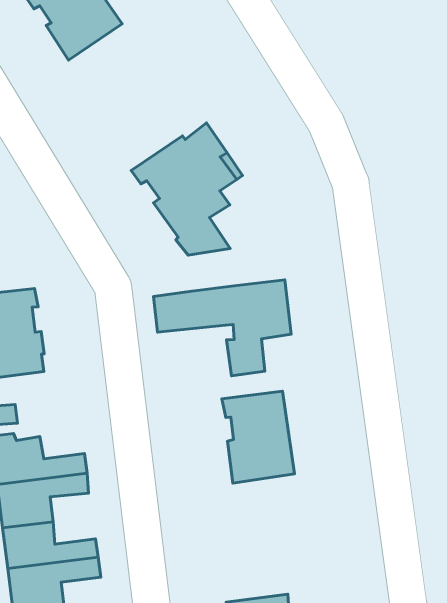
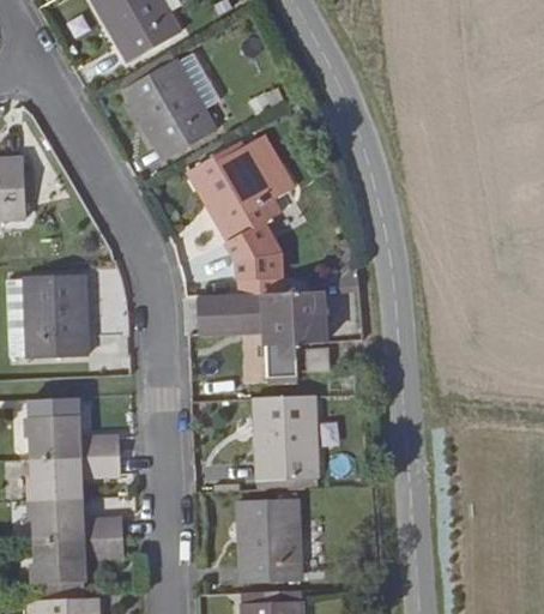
building: none -> [123,54,218,156]
building: none -> [232,254,274,293]
building: none -> [241,499,306,584]

